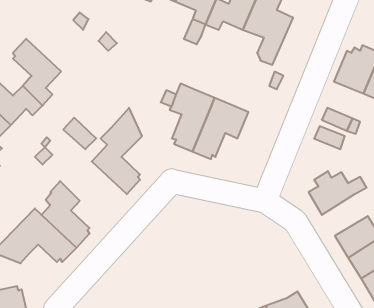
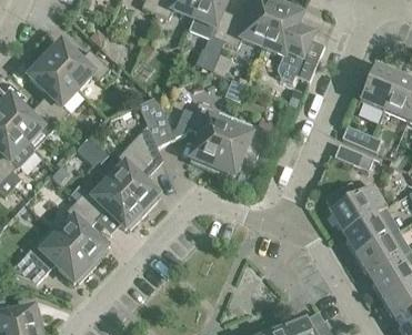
building: none -> [42,41,110,89]
building: none -> [139,95,175,146]
building: none -> [77,179,144,227]
building: none -> [342,213,389,255]

